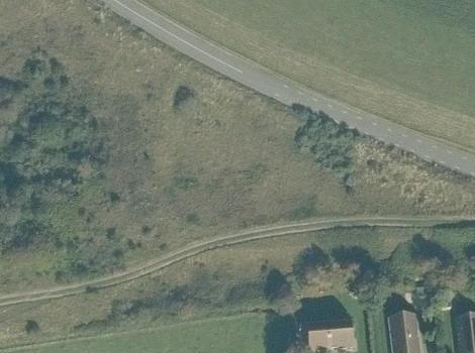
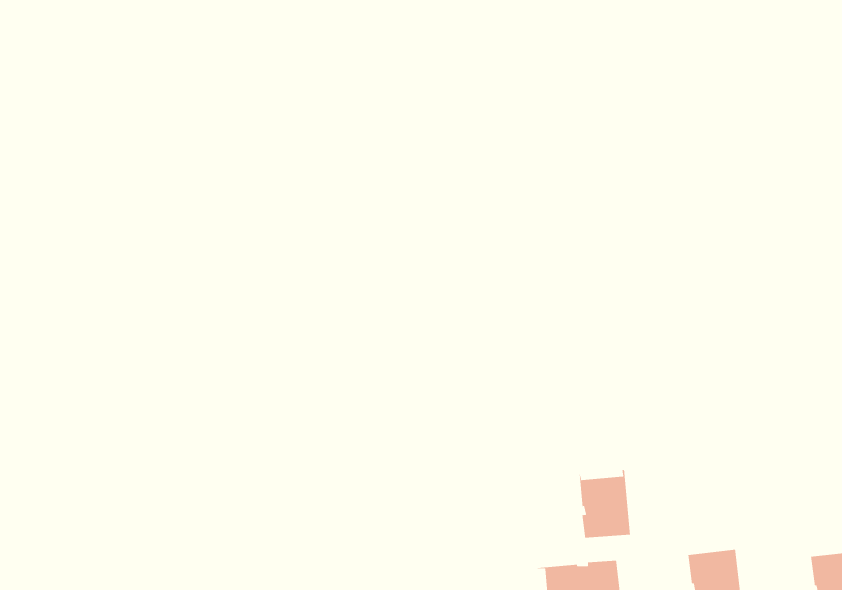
building: none -> [579,469,631,539]

